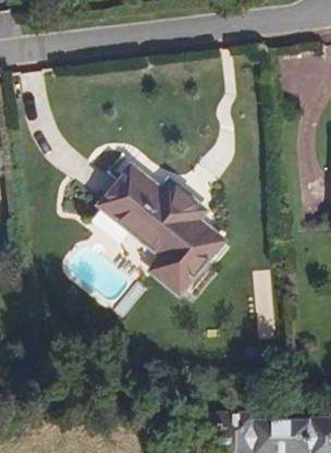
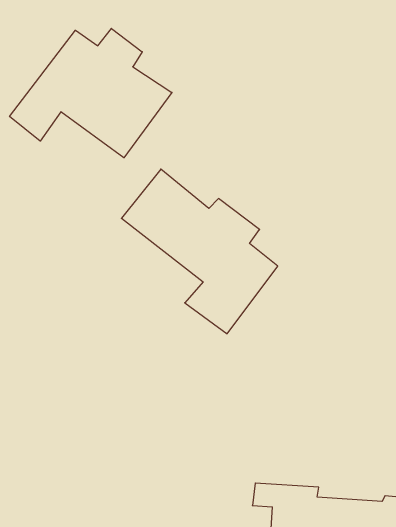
building: none -> [10,28,172,158]

